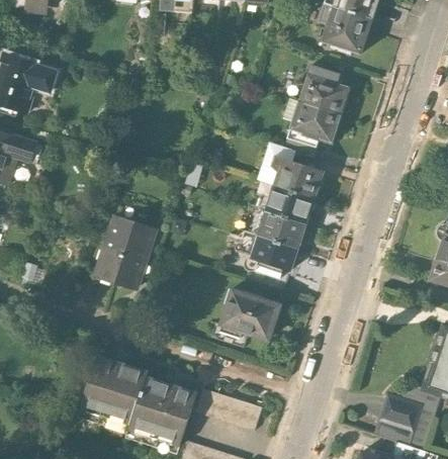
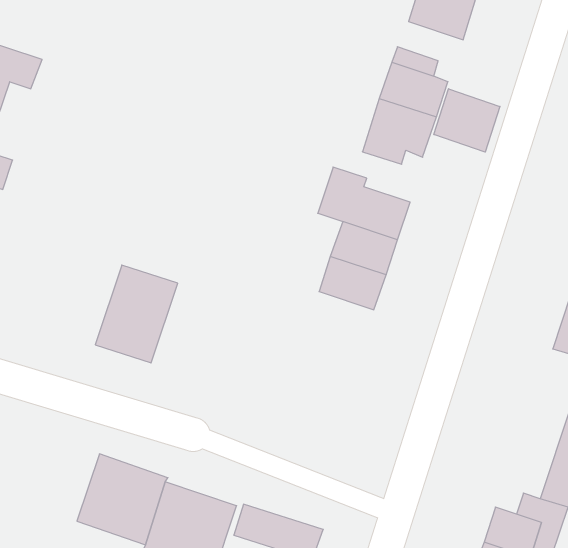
building: none -> [434,89,500,152]
building: [243,237,297,272] -> none
building: [222,288,280,340] -> none

